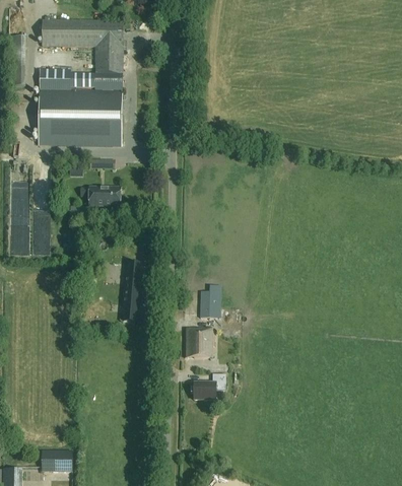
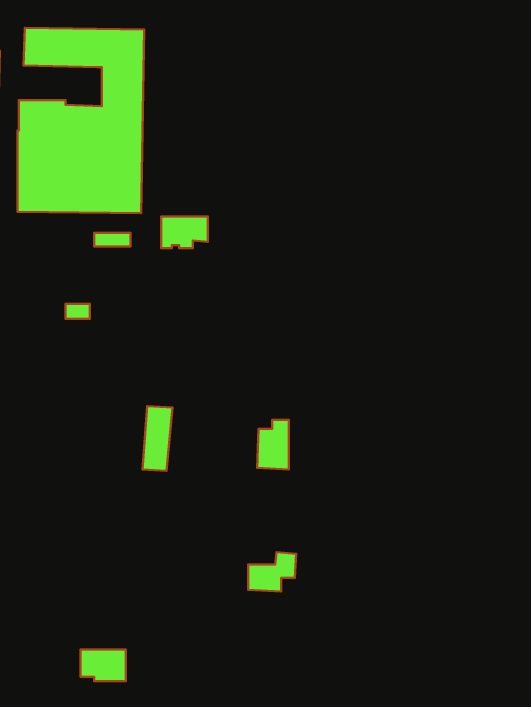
building: [90,187,122,208] -> [161,216,208,248]
building: [185,327,214,357] -> none
building: [42,450,72,472] -> [81,650,126,681]

